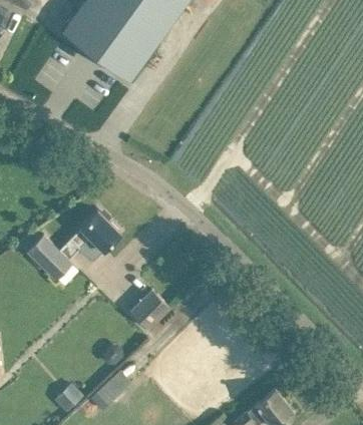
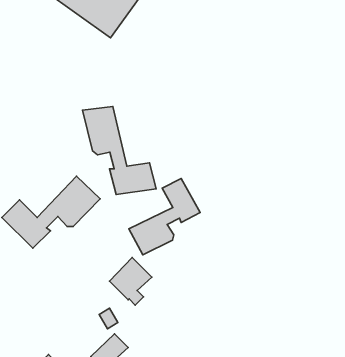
building: none -> [83,107,156,195]
building: none -> [129,178,200,255]

